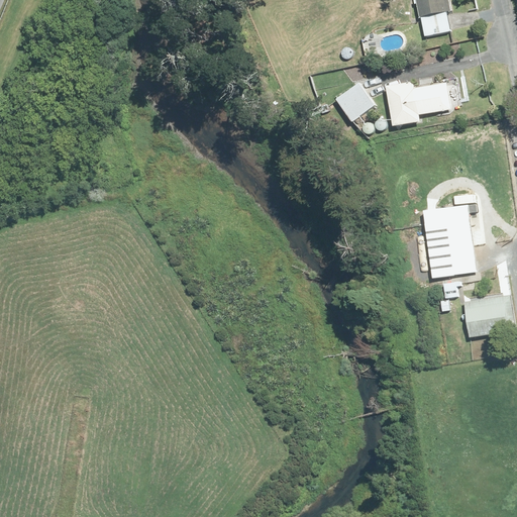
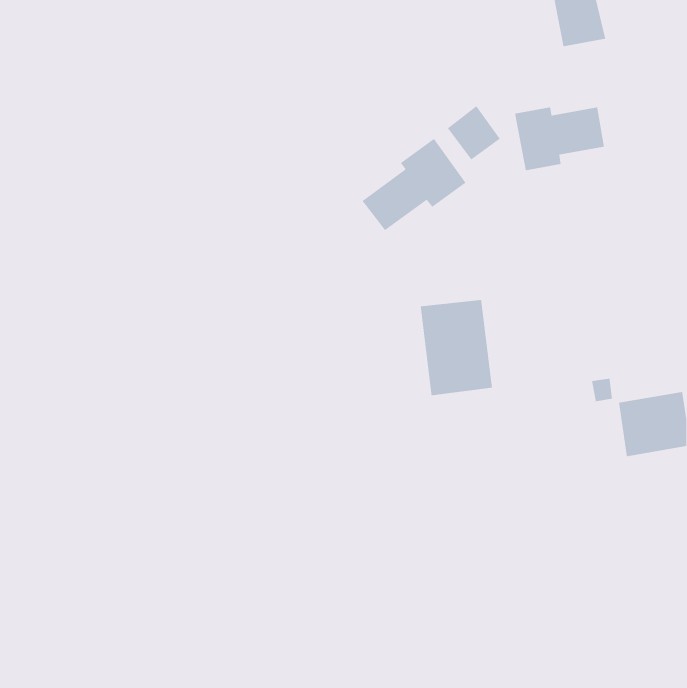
building: none -> [362,138,467,231]
building: [421,204,476,277] -> [420,299,493,396]

